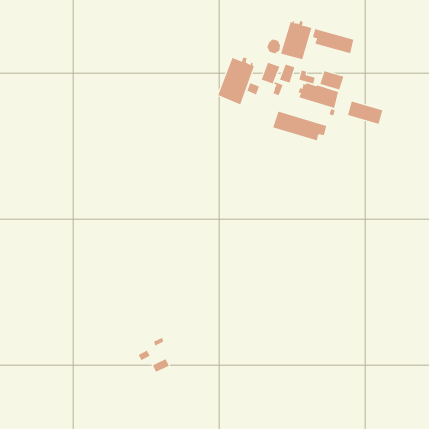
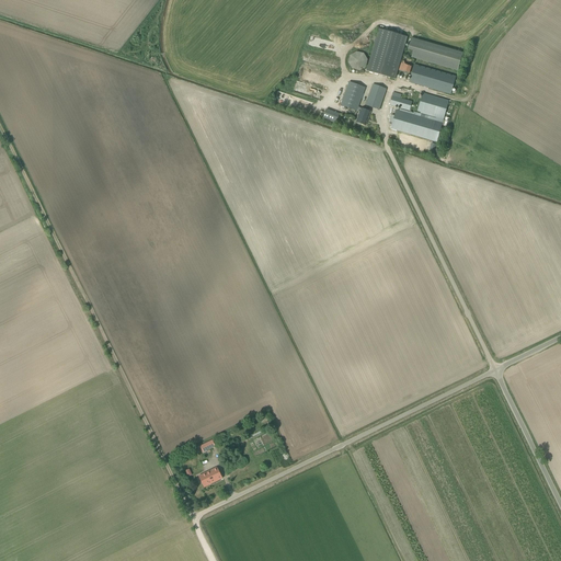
building: [217,57,255,105] -> none
building: [347,101,383,124] -> [408,62,455,93]
building: [272,111,327,141] -> none

